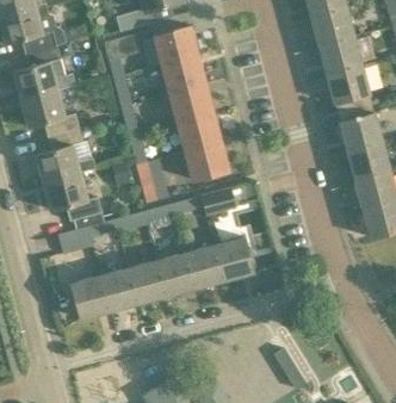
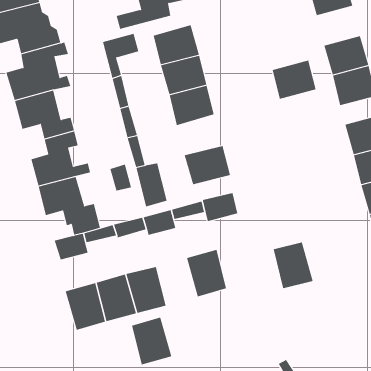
building: [311,7,354,45] -> [272,60,316,99]
building: [177,112,222,151] -> none
building: [216,235,255,280] -> [273,242,314,289]
building: [157,250,197,297] -> [131,317,172,365]

